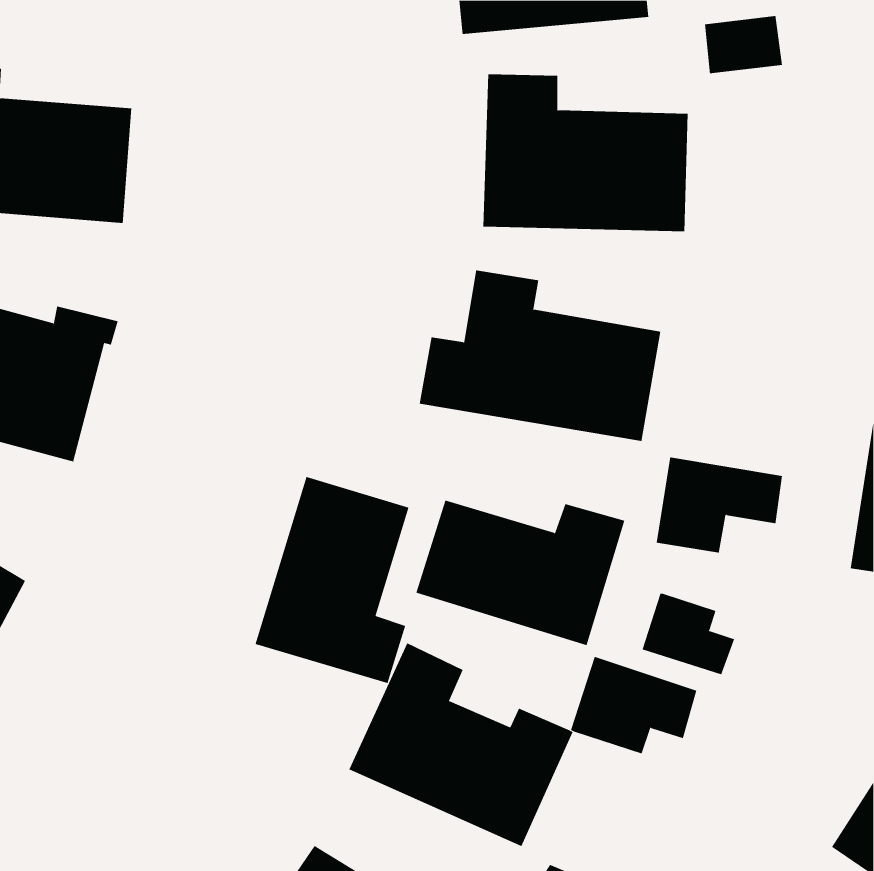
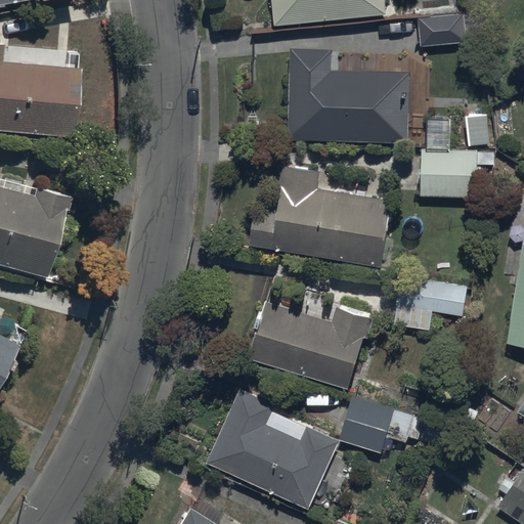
building: none -> [421,149,490,198]
building: [255,476,409,684] -> none
building: [642,593,735,675] -> none

